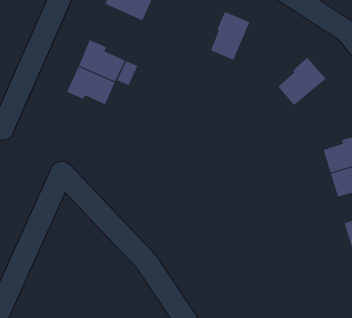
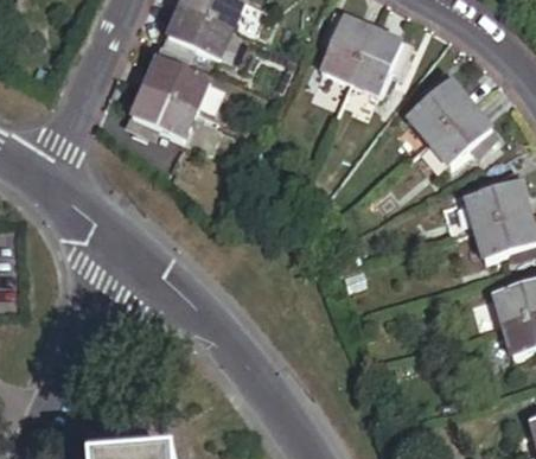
building: none -> [165,6,230,57]
building: none -> [349,30,404,93]
building: none -> [427,103,493,165]

